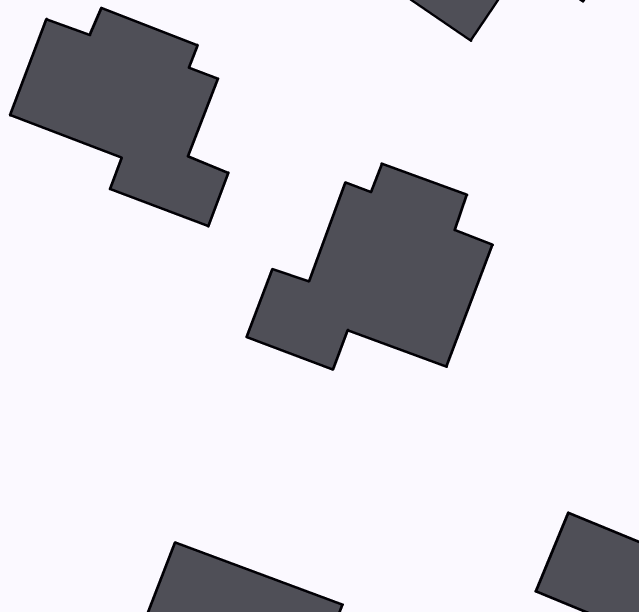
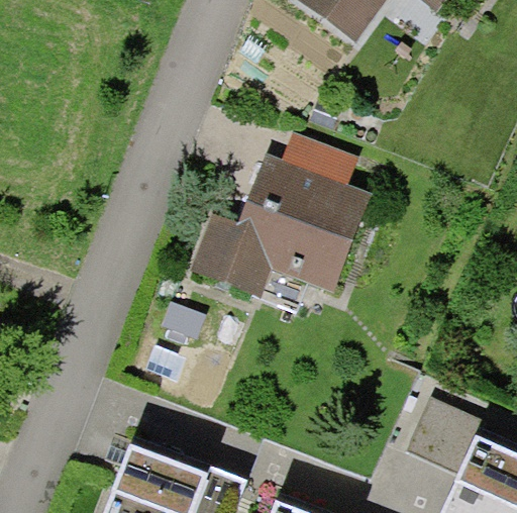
building: [10,8,228,226] -> none

